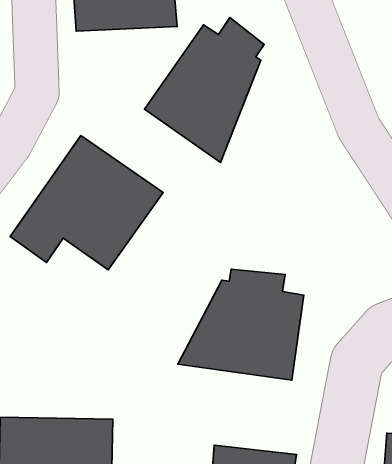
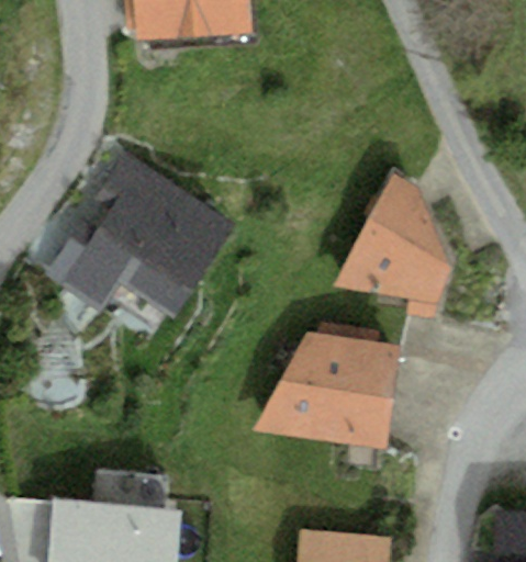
building: [145,17,264,162] -> none
building: none -> [329,175,454,324]

